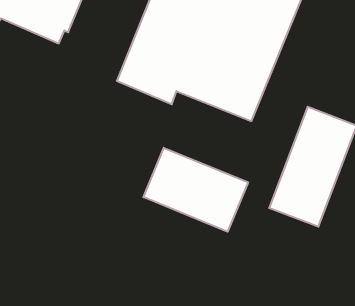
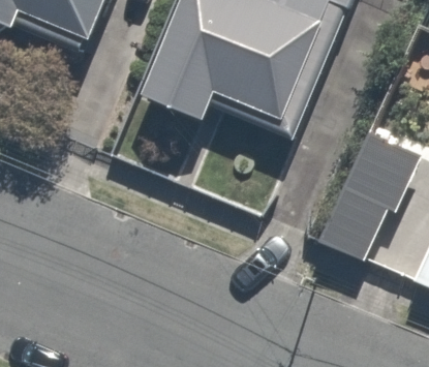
building: [143,148,248,232] -> none

